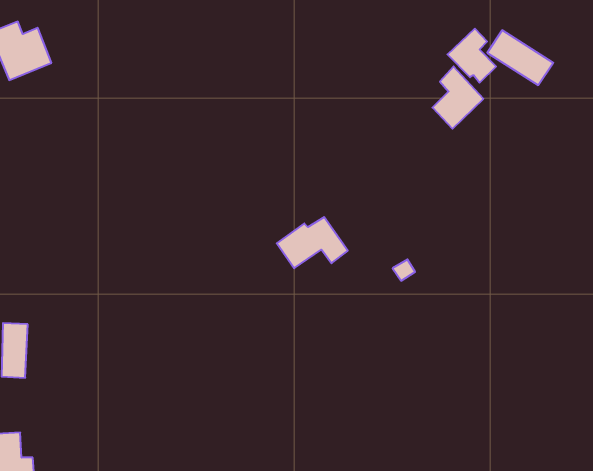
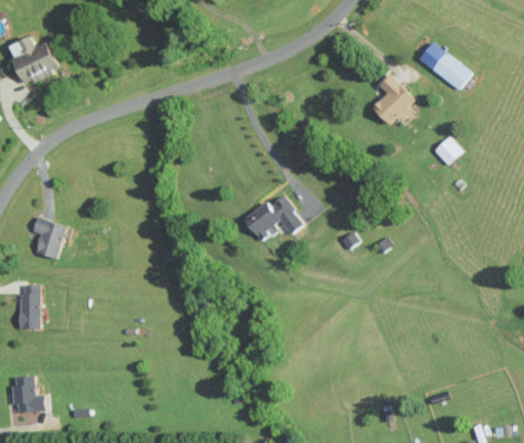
building: [447,29,496,83] -> none
building: none -> [433,137,462,166]
building: none -> [32,218,66,259]

